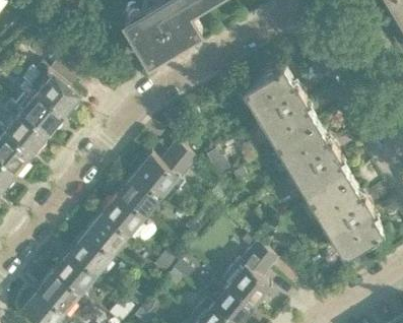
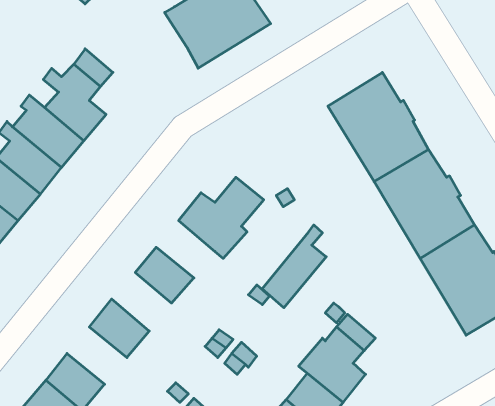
building: [116,175,158,216] -> none
building: none -> [262,225,326,308]
building: [83,212,127,255] -> none
building: [51,252,94,294] -> none

